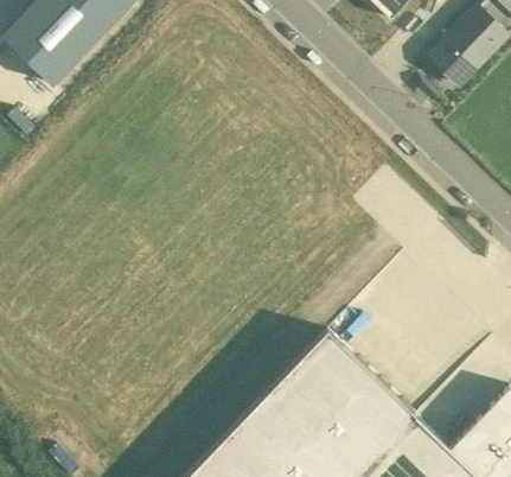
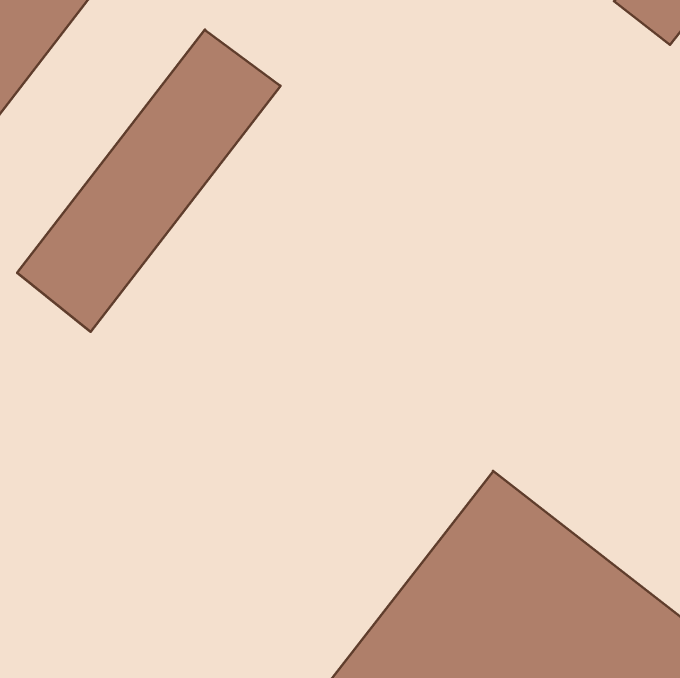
building: none -> [17,30,280,332]

